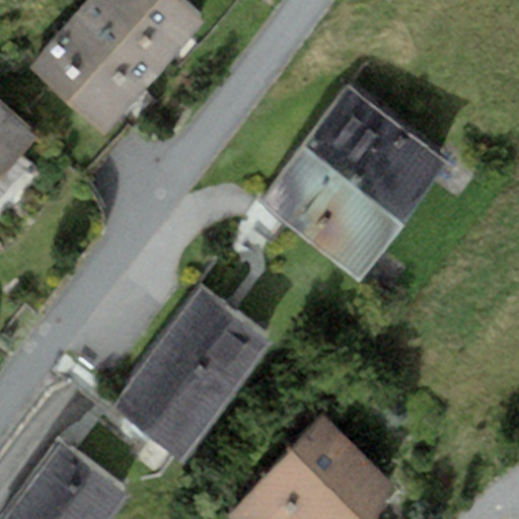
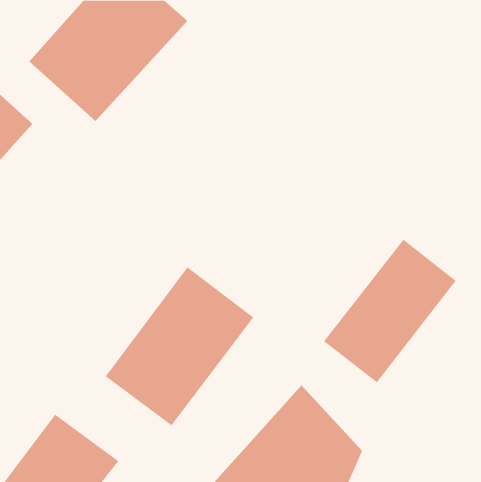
building: [256,83,447,276] -> none
building: none -> [323,239,457,383]

